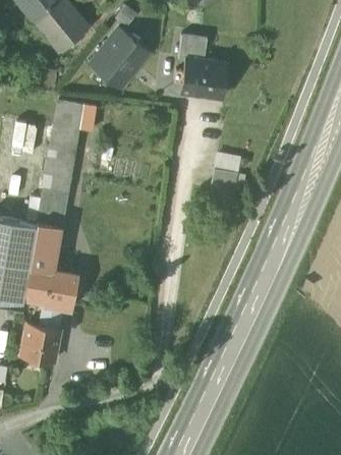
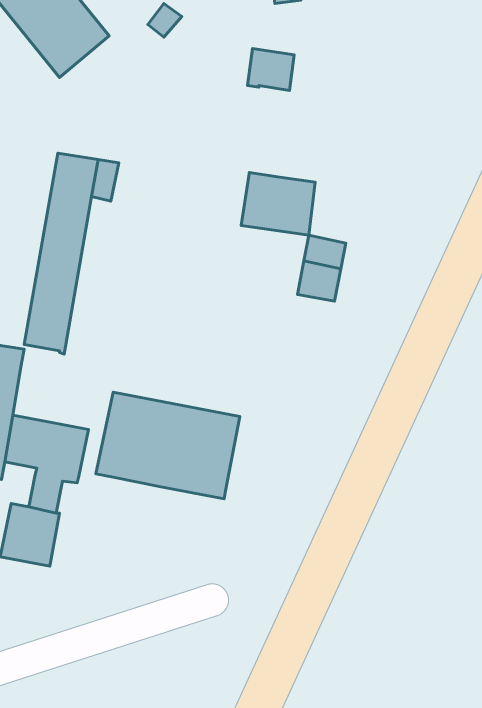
building: [90,27,150,90] -> none
building: [180,58,227,98] -> [241,172,315,235]
building: [30,222,59,271] -> none
building: none -> [96,392,240,499]

